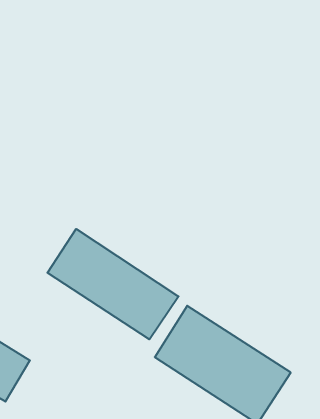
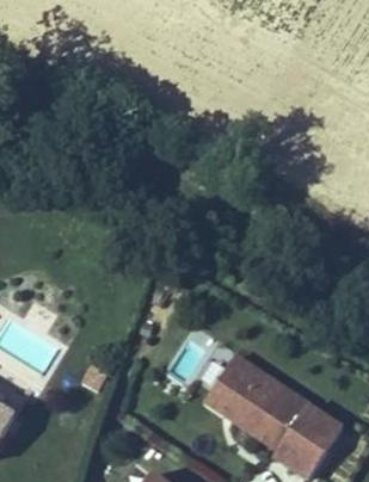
building: [47,229,179,339] -> none

